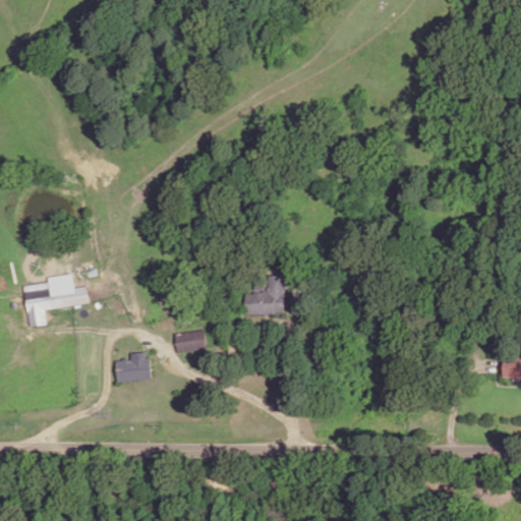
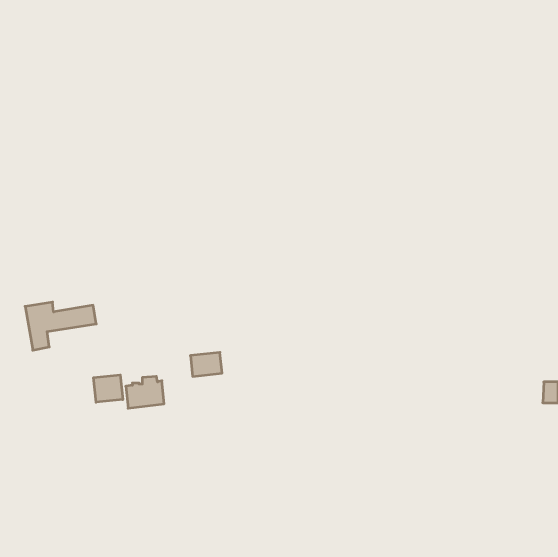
building: [240,278,279,314] -> none
building: none -> [94,375,123,402]

